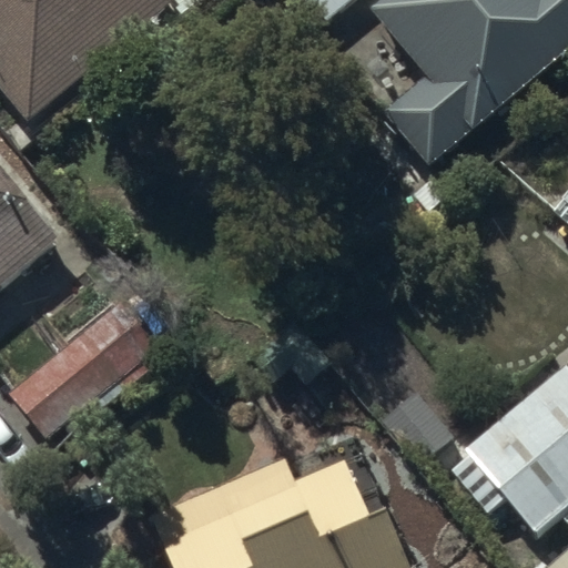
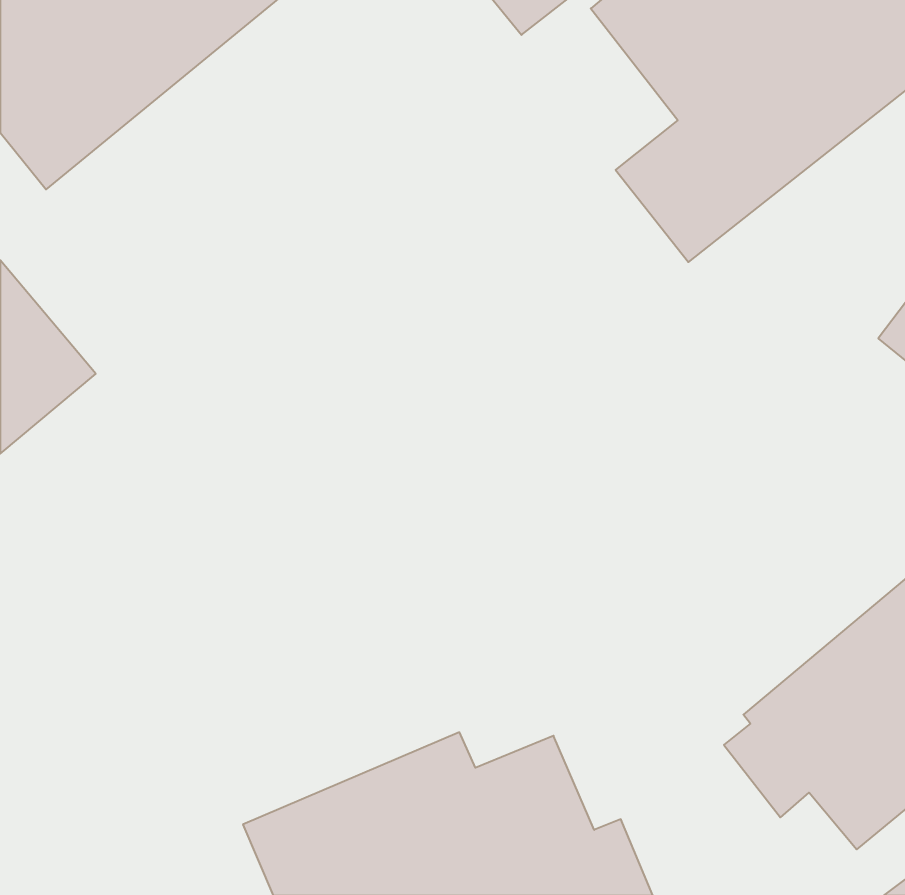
building: [11,308,149,439] -> none

